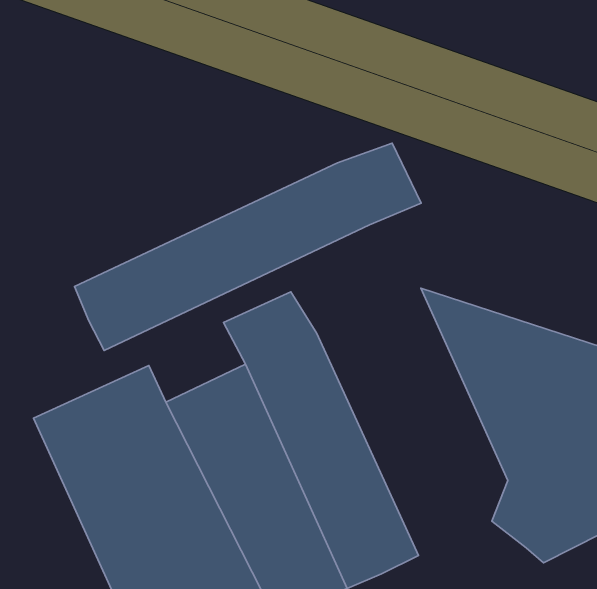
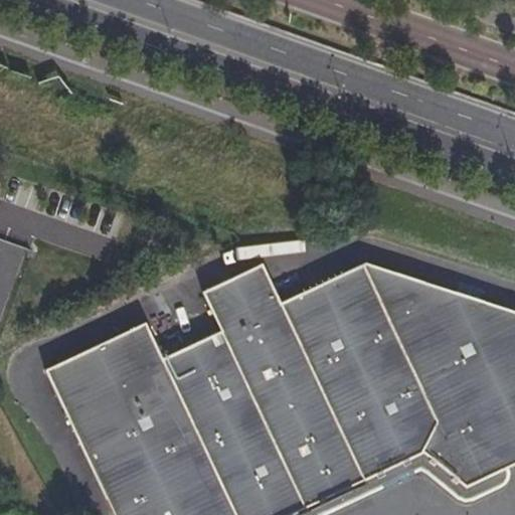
building: [74,143,421,351] -> none
building: none -> [281,264,438,483]

